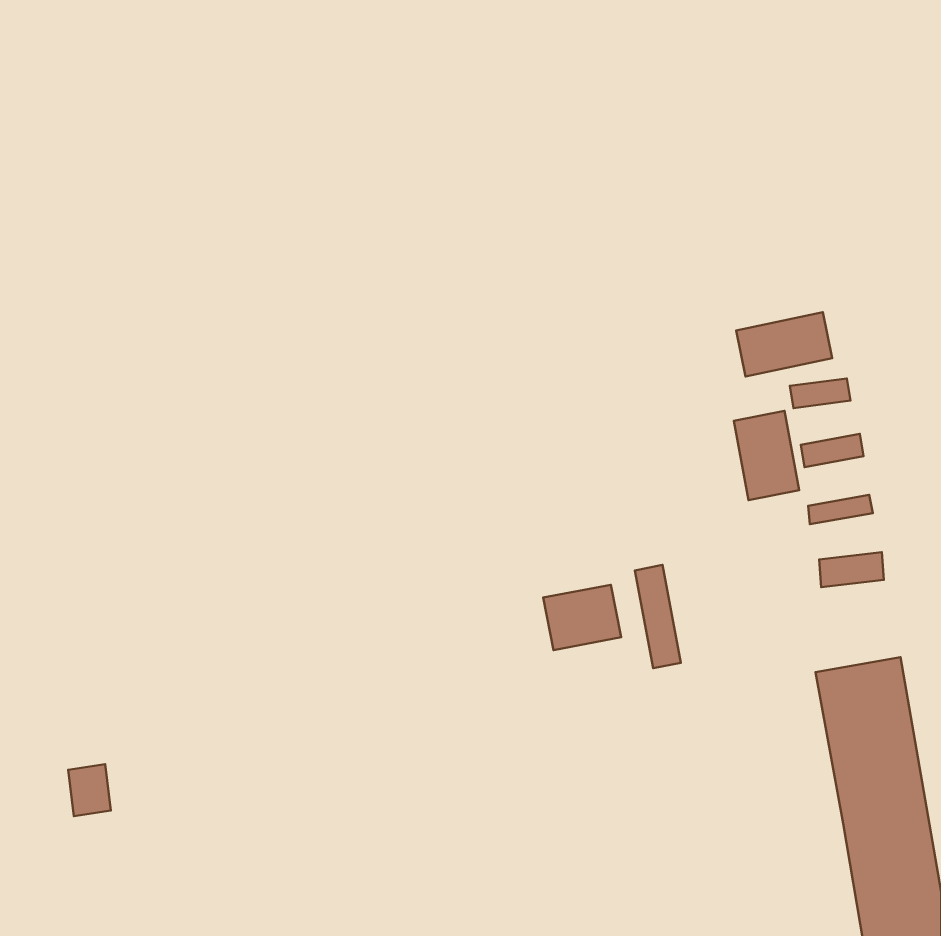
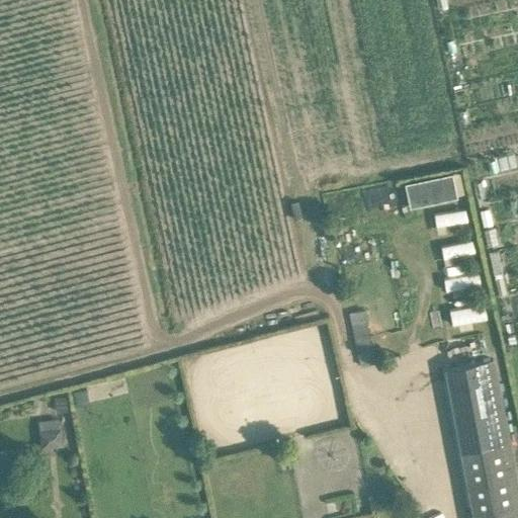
building: [734,411,799,500] -> none
building: [543,585,621,650] -> none

